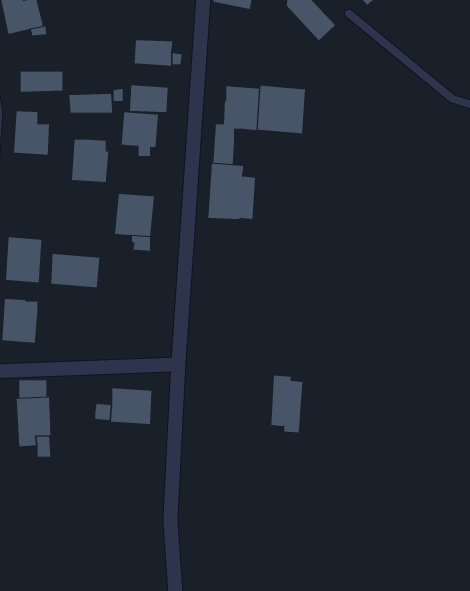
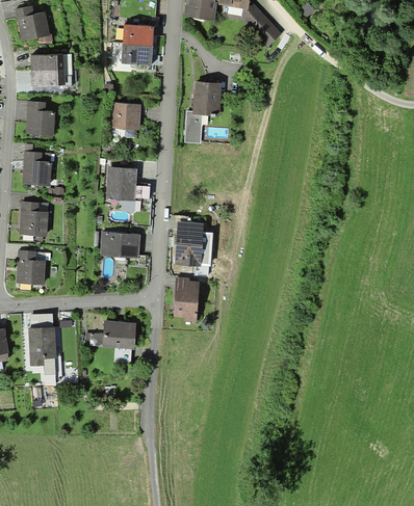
building: [129,85,169,112] -> [123,24,154,46]
building: [257,85,305,134] -> none
building: [69,94,113,113] -> [30,54,66,70]
building: [71,139,109,183] -> [23,152,53,186]
building: [207,163,256,220] -> [175,221,213,266]
building: [50,254,100,288] -> [101,232,140,259]
building: [271,375,303,433] -> [174,276,200,322]

